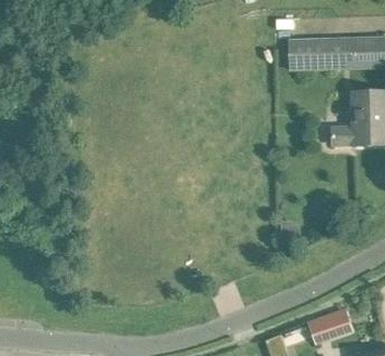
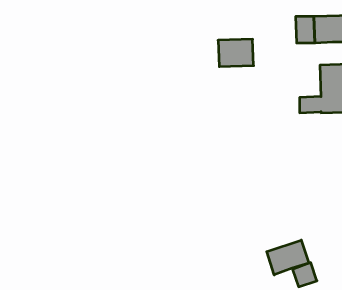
building: [288,38,327,68] -> [218,39,254,67]
building: none -> [267,240,309,275]

